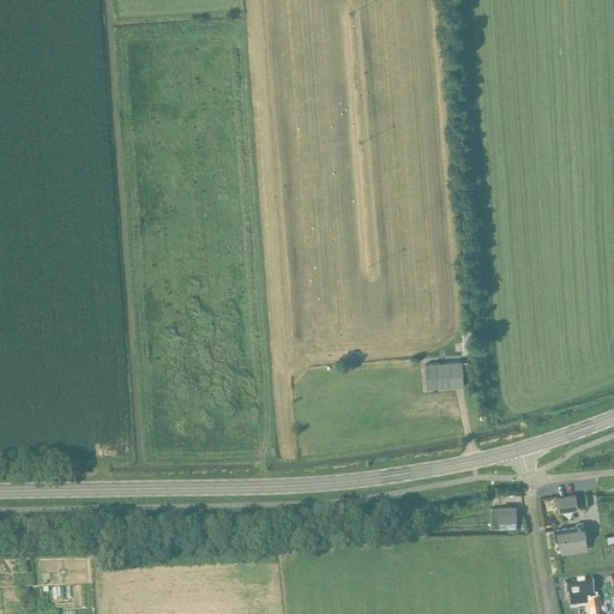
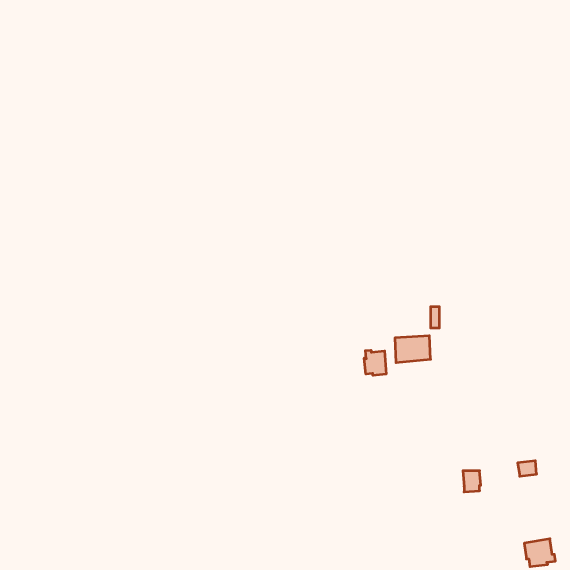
building: none -> [364,350,386,375]
building: [556,528,586,553] -> none

